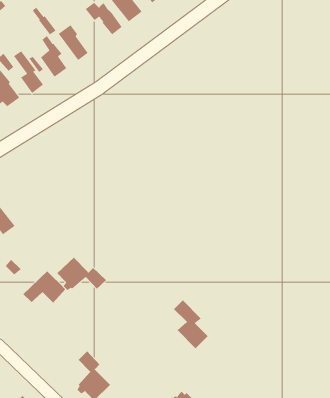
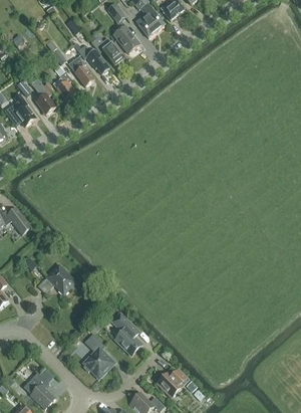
building: none -> [72,41,108,73]
building: [57,257,107,291] -> none
building: [173,300,209,349] -> [111,313,141,355]

